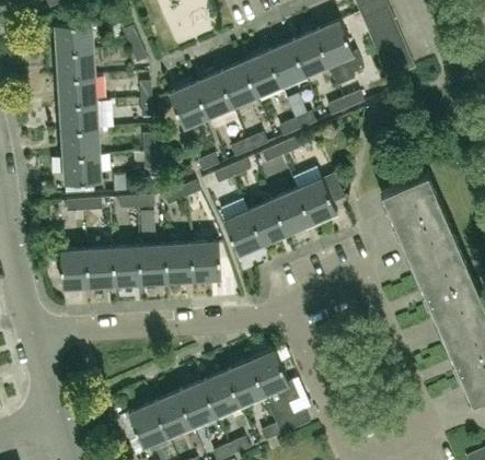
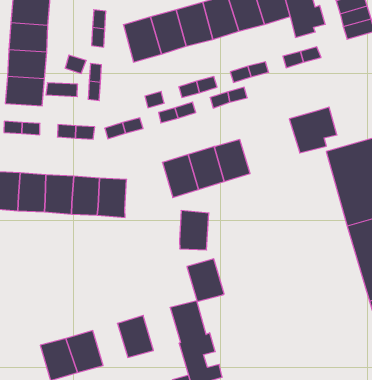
building: [296,174,344,222] -> [289,107,337,153]
building: [190,241,220,280] -> [180,211,209,250]
building: [223,362,263,405] -> [187,259,224,302]
building: [176,384,213,426] -> none

